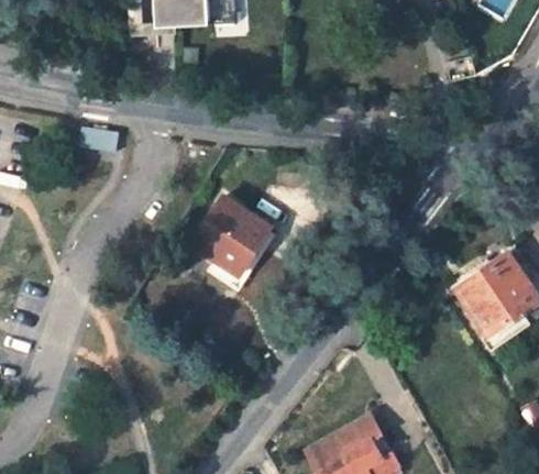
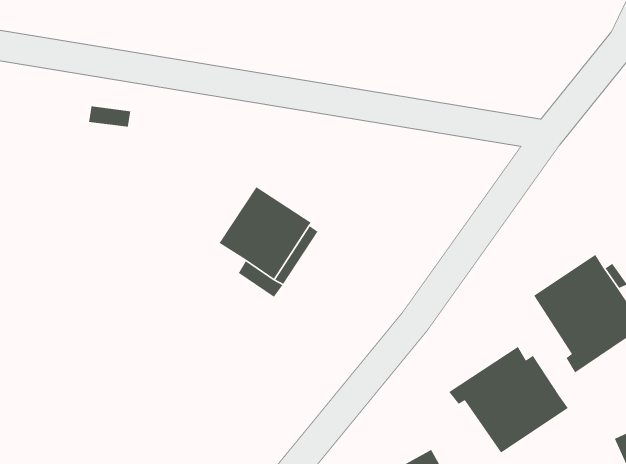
building: none -> [448,346,569,454]

